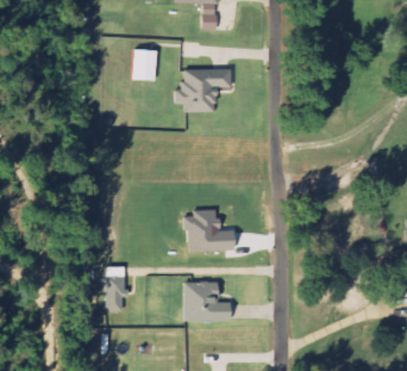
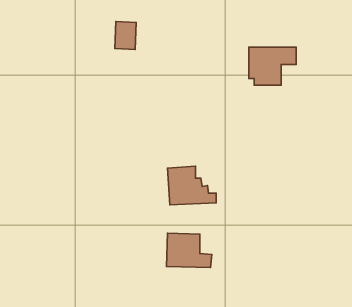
building: [175,69,227,111] -> [249,47,296,85]
building: [107,276,126,310] -> none

